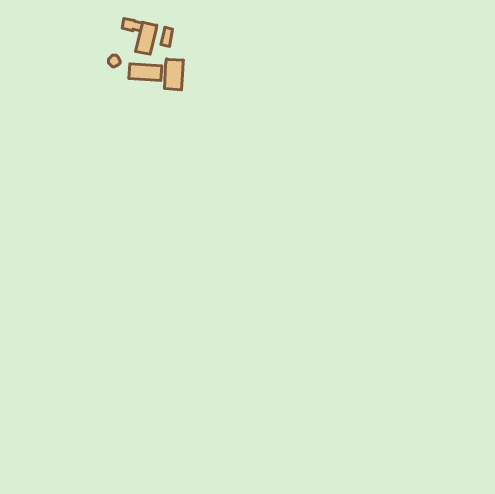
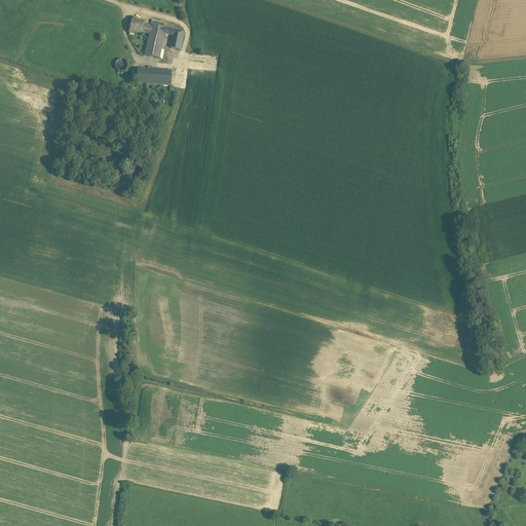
building: [165,59,183,90] -> none

